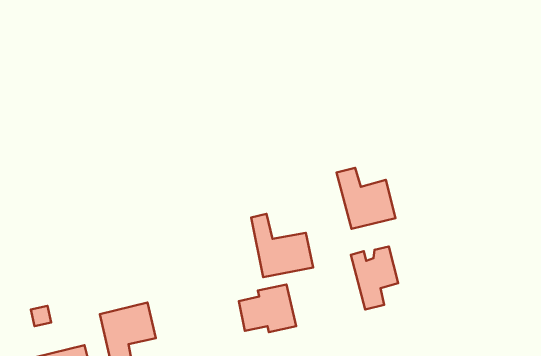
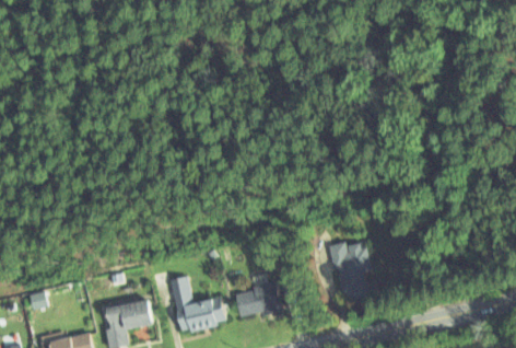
building: [337,168,396,229] -> none
building: [251,214,313,277] -> [168,277,225,335]

